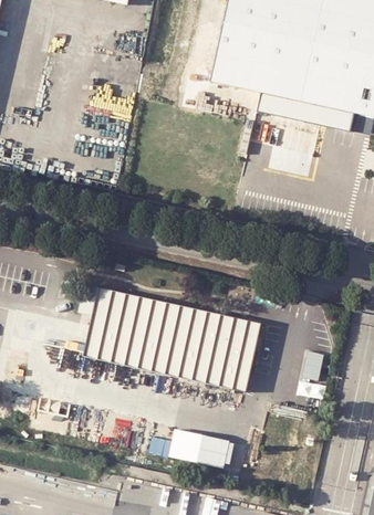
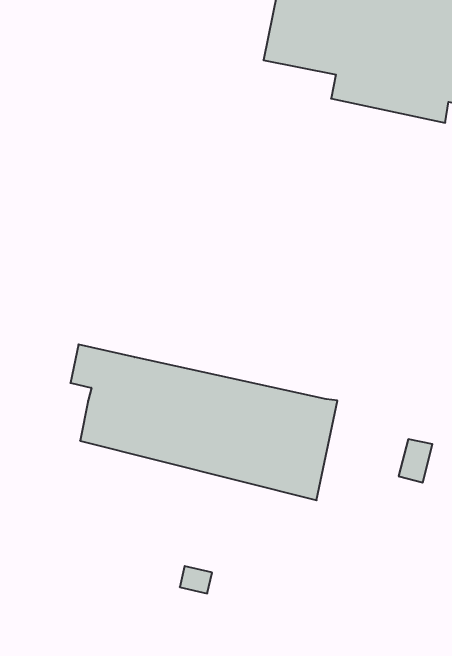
building: [175,429,239,467] -> none

